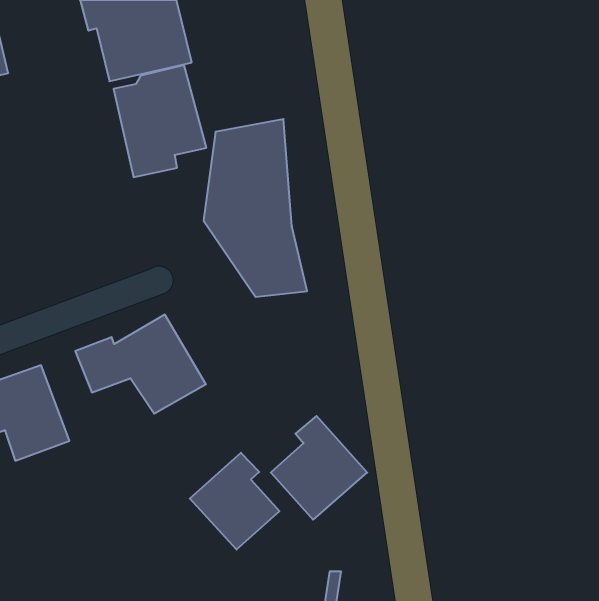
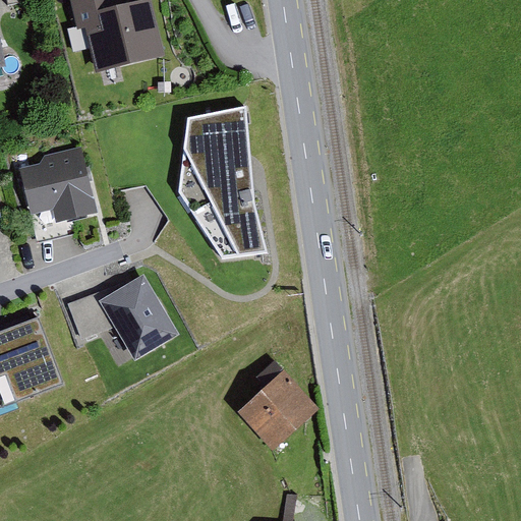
building: [114,65,206,177] -> [19,147,100,243]
building: [190,453,279,550] -> none

